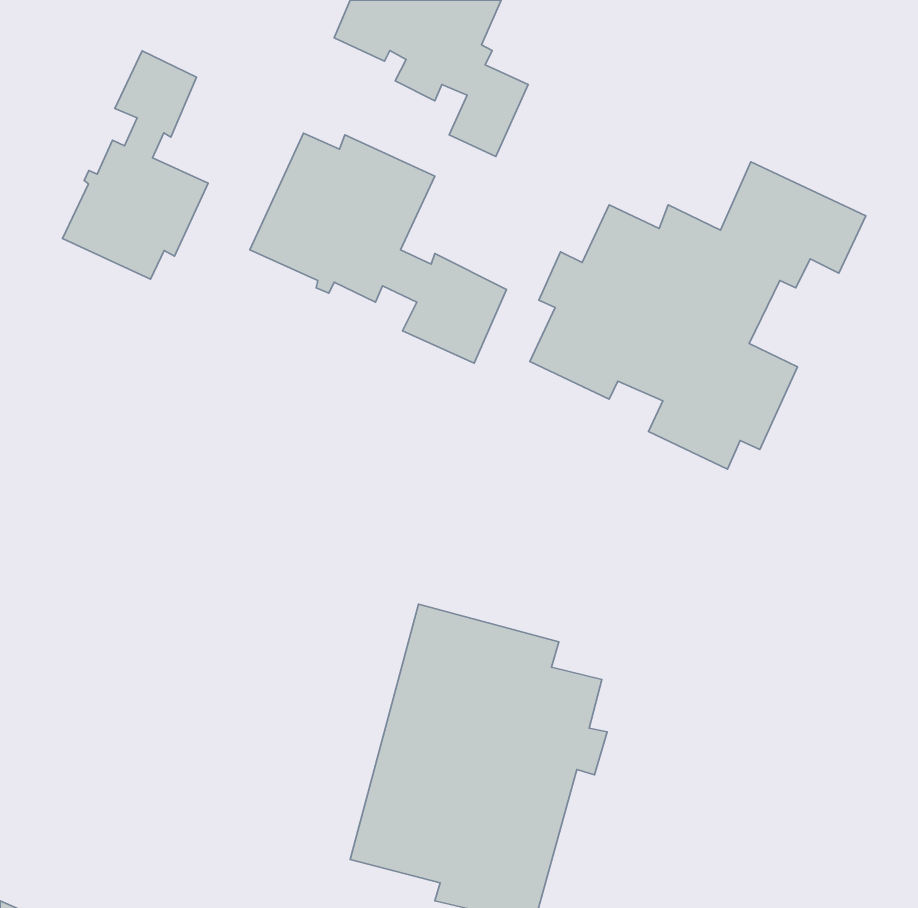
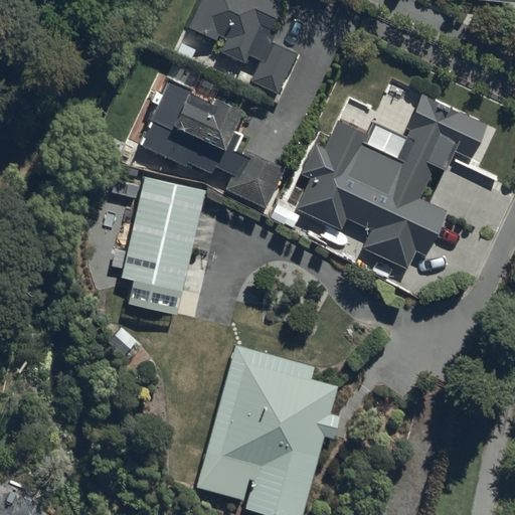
building: [63,51,208,279] -> none
building: none -> [121,175,205,291]

